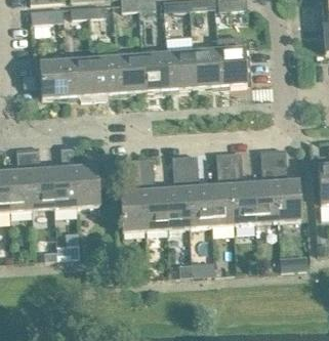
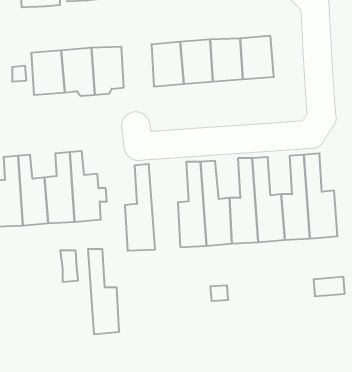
building: [117,54,145,91] -> none
building: [140,157,167,229] -> [88,249,119,334]

